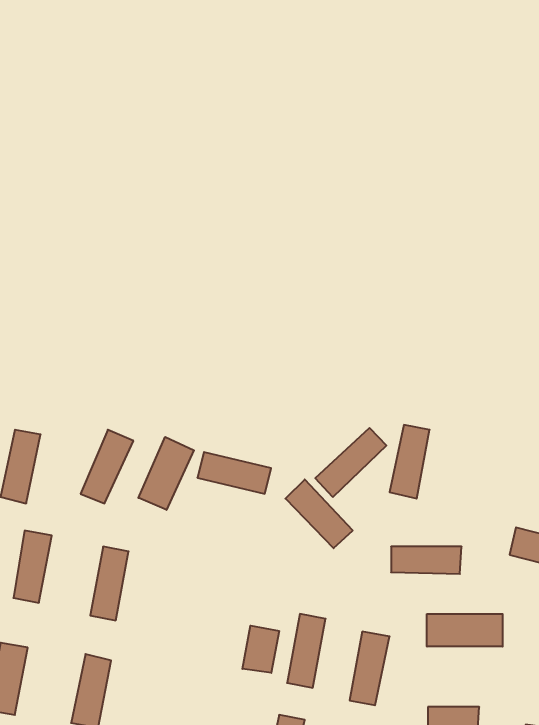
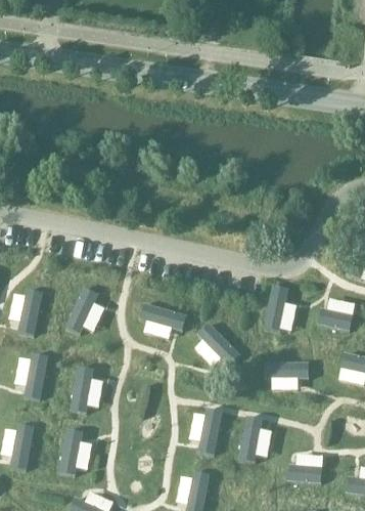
building: [315,428,386,497] -> none
building: [138,437,194,510] -> none
building: none -> [316,308,352,333]
building: [427,614,503,647] -> none
building: [242,626,279,673] -> none

